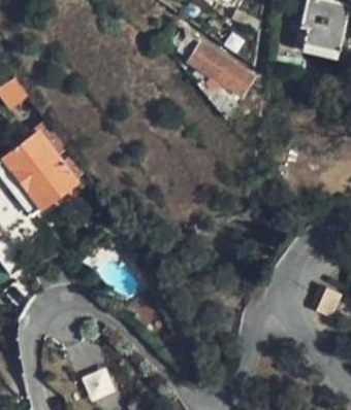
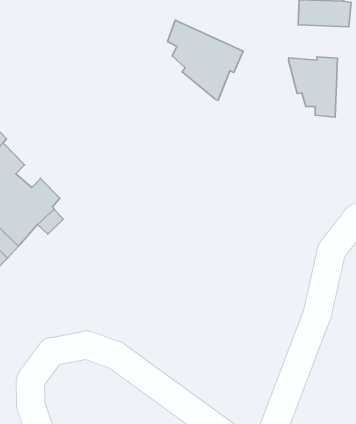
building: none -> [289,57,338,117]

